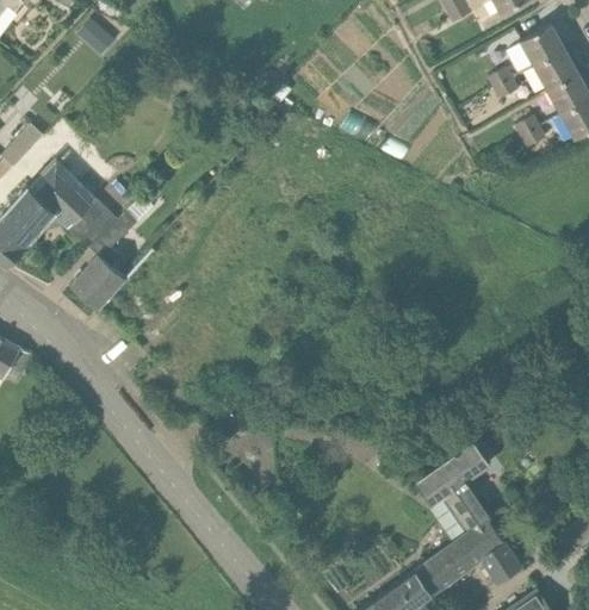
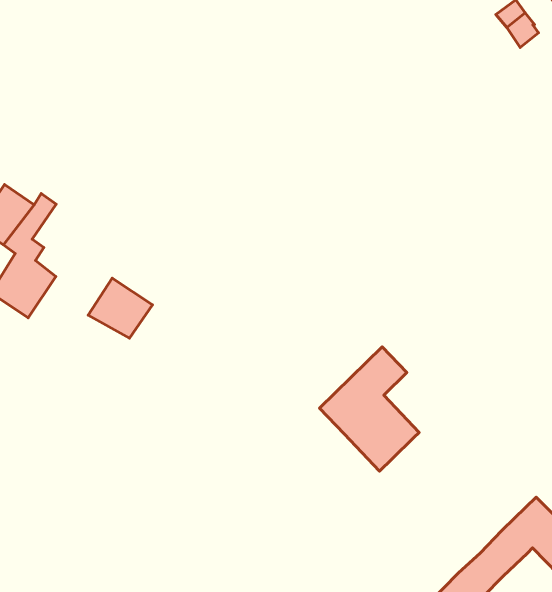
building: none -> [88,278,152,338]
building: [415,442,492,542] -> [320,347,419,471]

